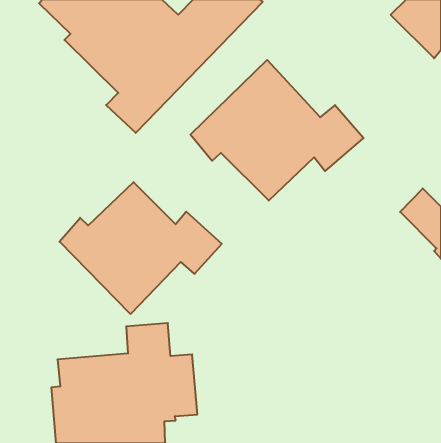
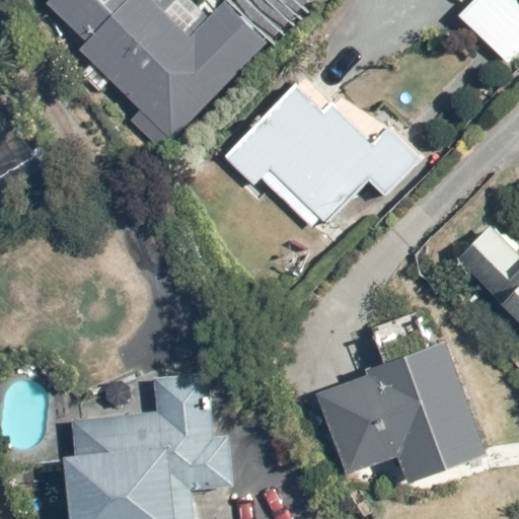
building: [59,182,222,314] -> none
building: none -> [317,317,487,491]

